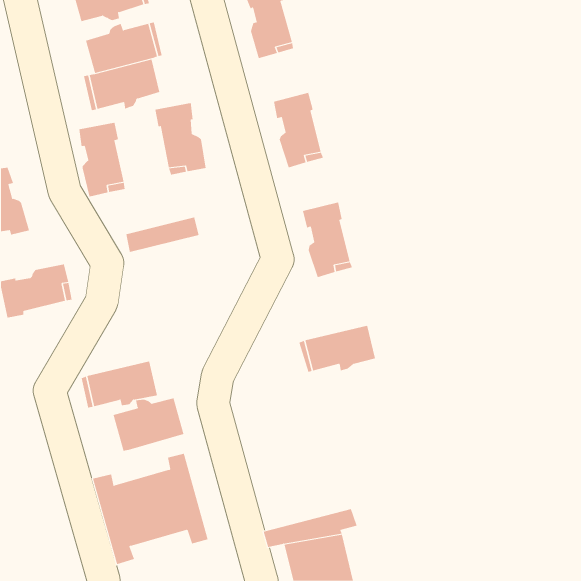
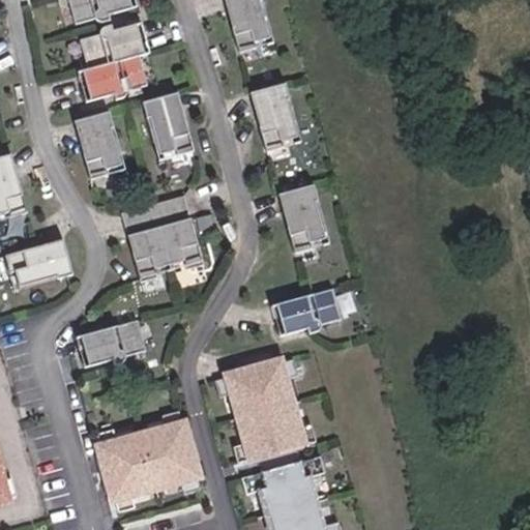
building: none -> [130,218,201,281]
building: [113,398,184,452] -> none
building: none -> [217,359,319,462]

